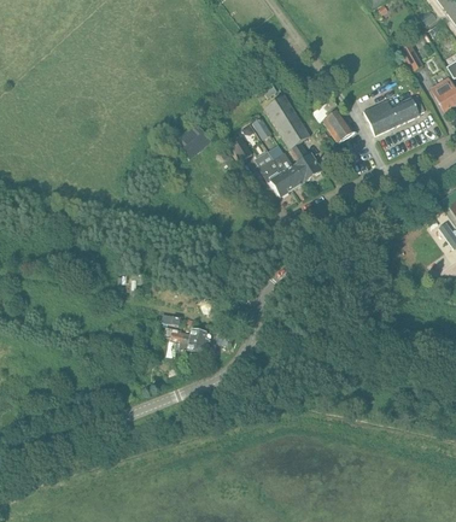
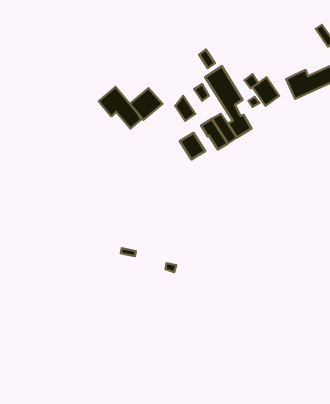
building: none -> [99,87,141,128]
building: none -> [180,133,205,160]
building: [169,328,210,351] -> none

